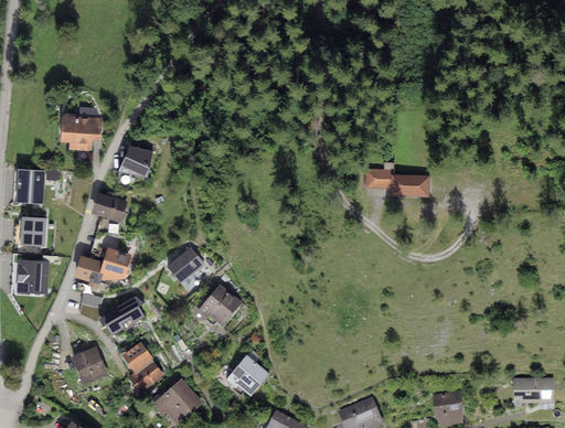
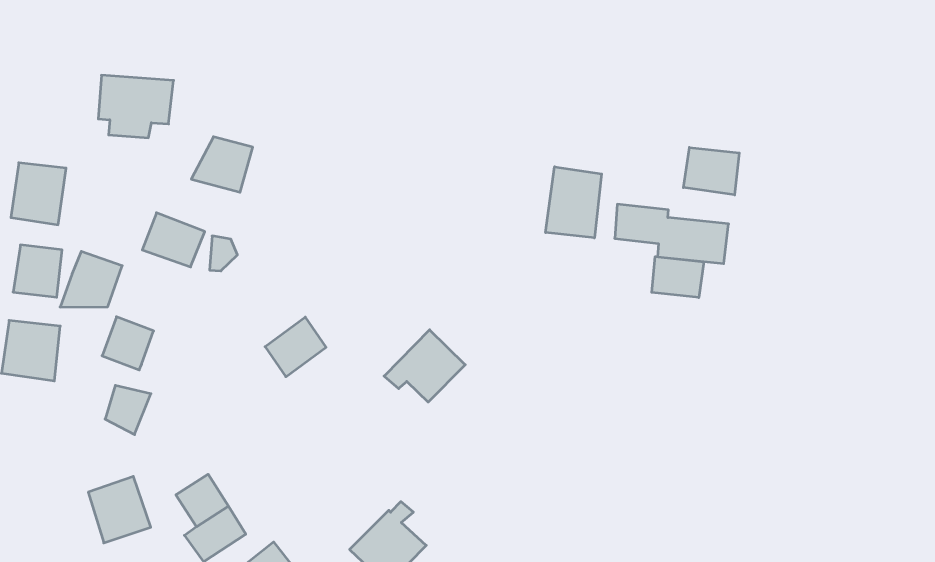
building: none -> [683,147,739,195]
building: none -> [546,167,602,238]
building: none -> [652,257,704,298]
building: [97,248,131,281] -> [60,251,122,307]
building: [196,283,243,325] -> [384,330,465,402]
building: [98,297,146,338] -> none

